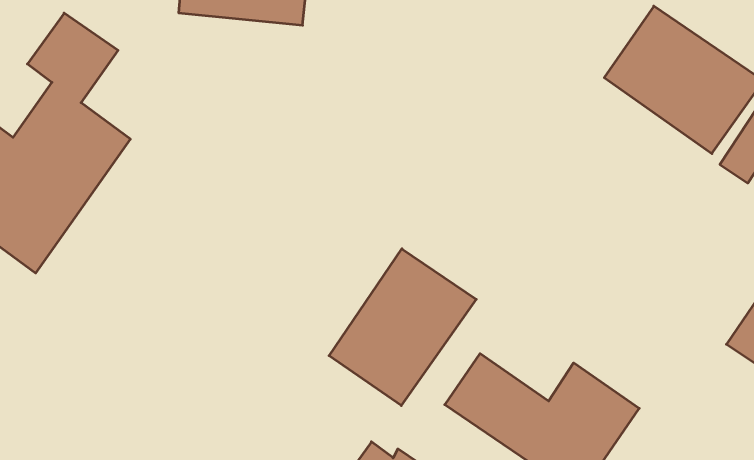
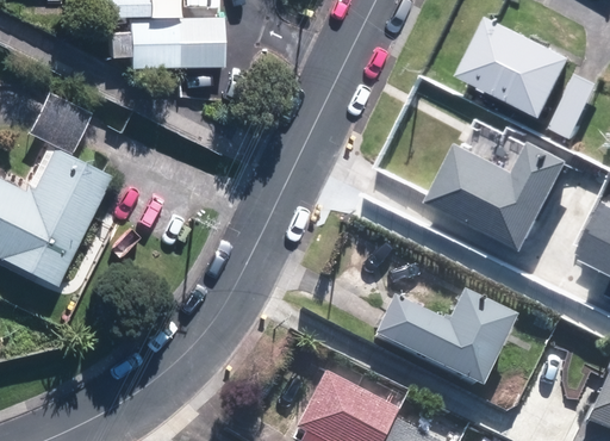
building: none -> [422,142,567,253]
building: [329,249,476,406] -> none

